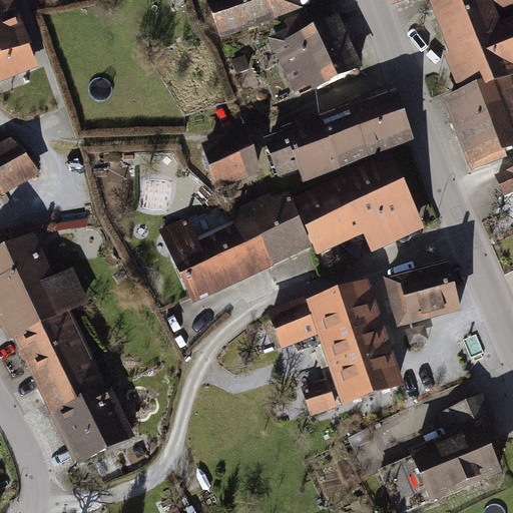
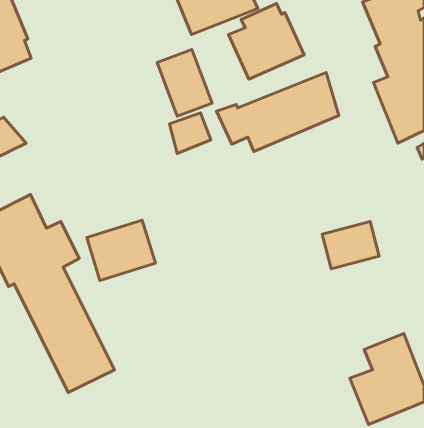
building: none -> [157,50,212,116]
building: [157,153,426,305] -> none
building: none -> [87,220,156,281]
building: [271,285,392,409] -> none

